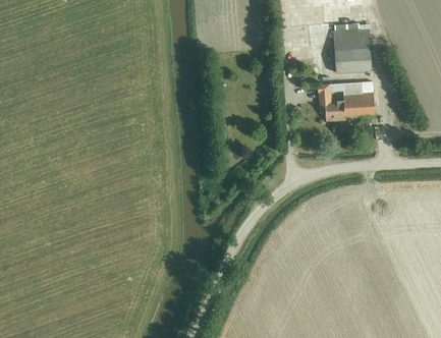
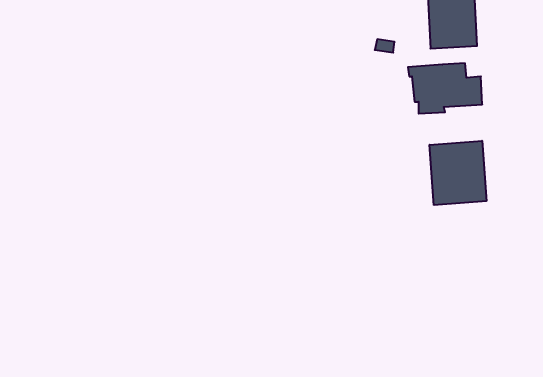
building: none -> [430,141,486,205]

